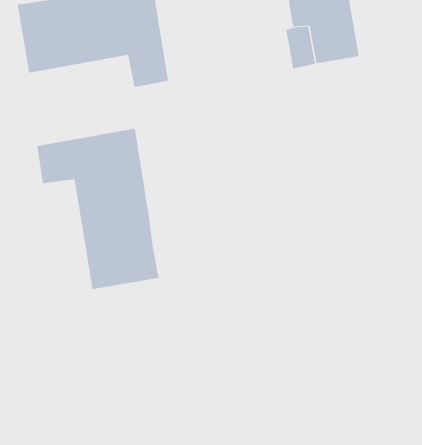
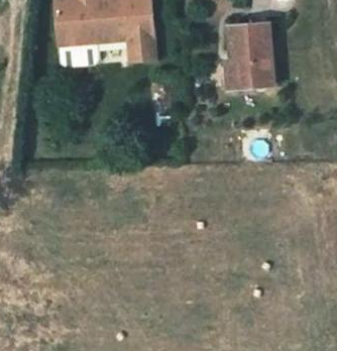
building: [37,128,159,290] -> none

